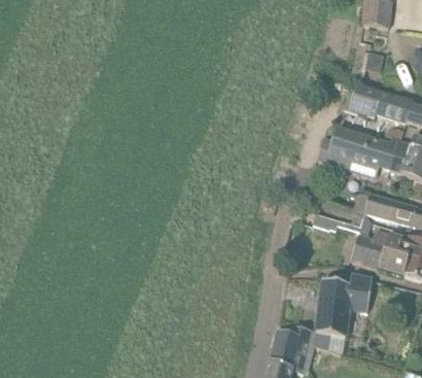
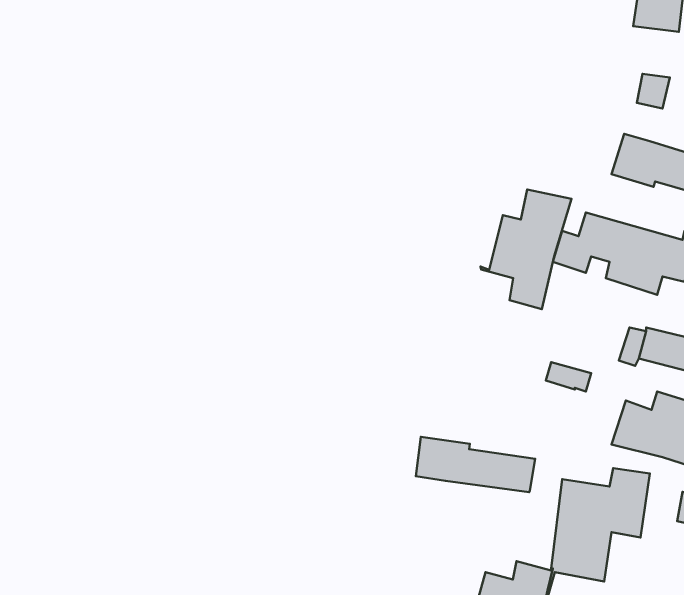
building: none -> [481,190,571,309]
building: none -> [416,437,535,492]

